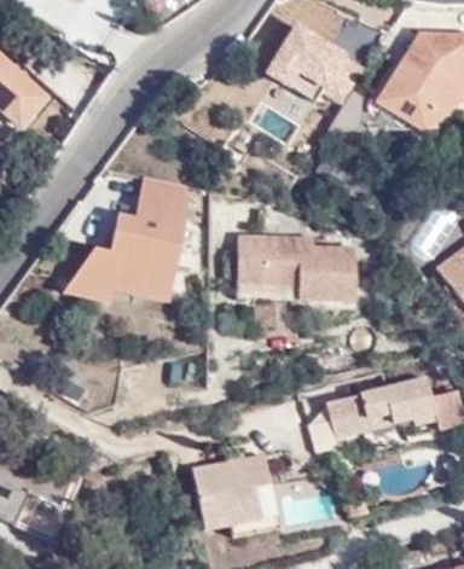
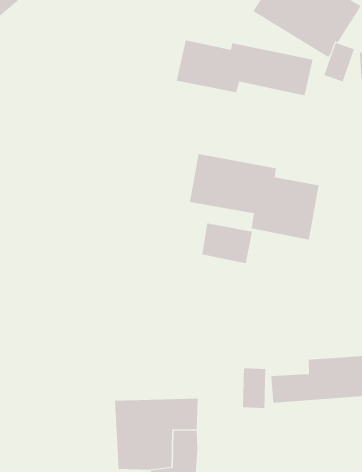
building: none -> [176,40,313,96]
building: [71,176,192,314] -> none

